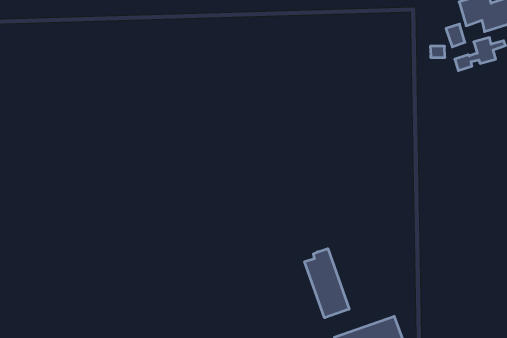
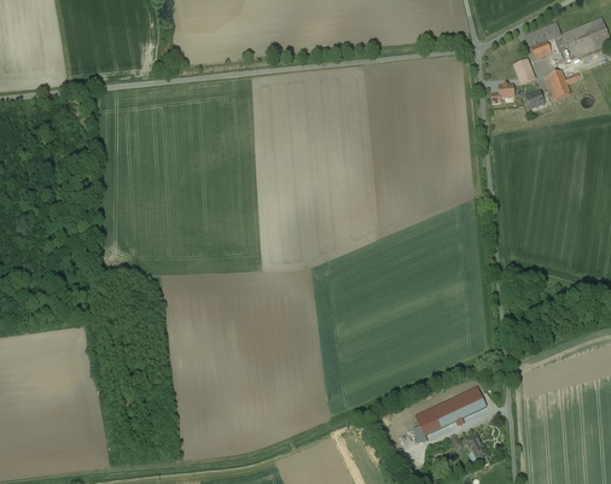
building: [305,249,349,318] -> none

